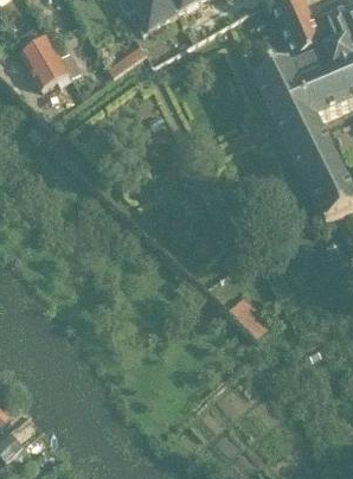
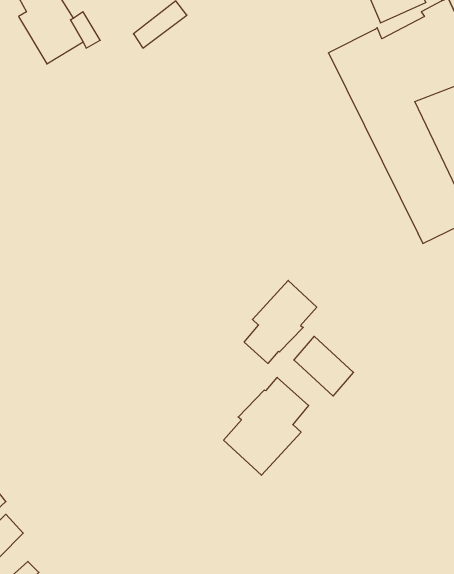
building: none -> [244,280,317,363]
building: none -> [224,377,309,475]

